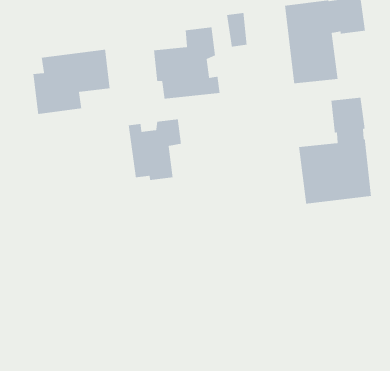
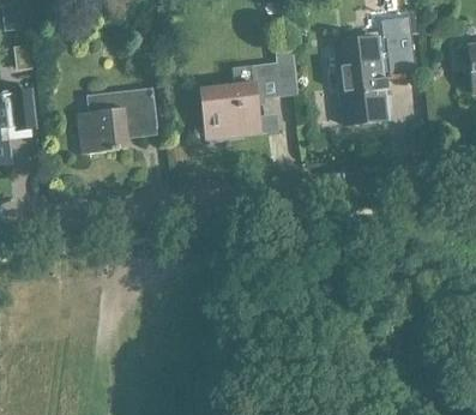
building: [298,97,372,204] -> none
building: [128,118,182,181] -> none

